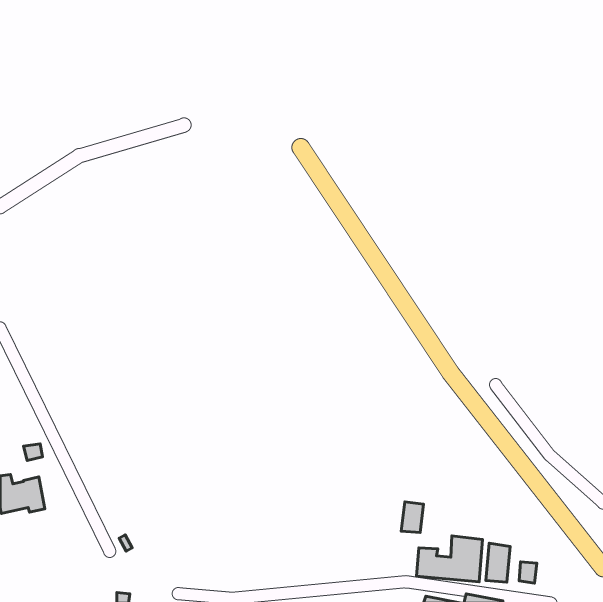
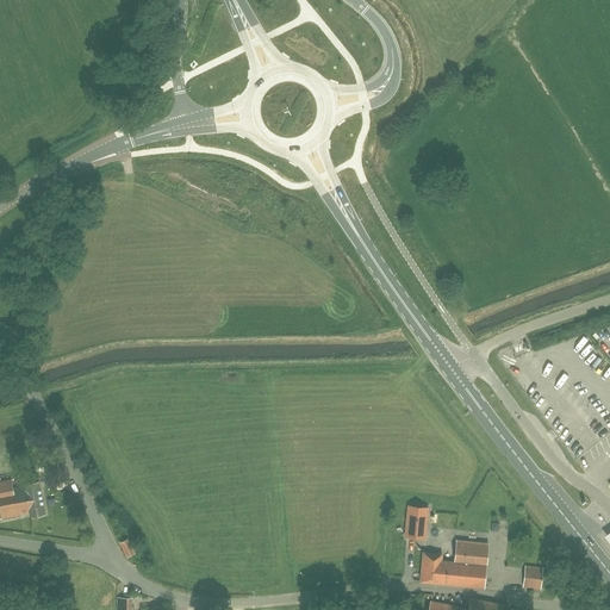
building: [486,543,510,582] -> none

